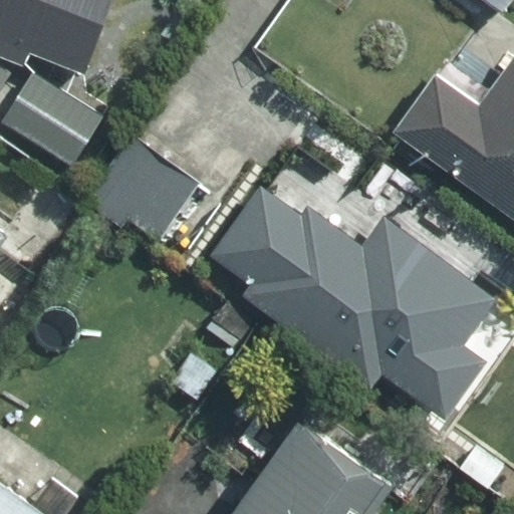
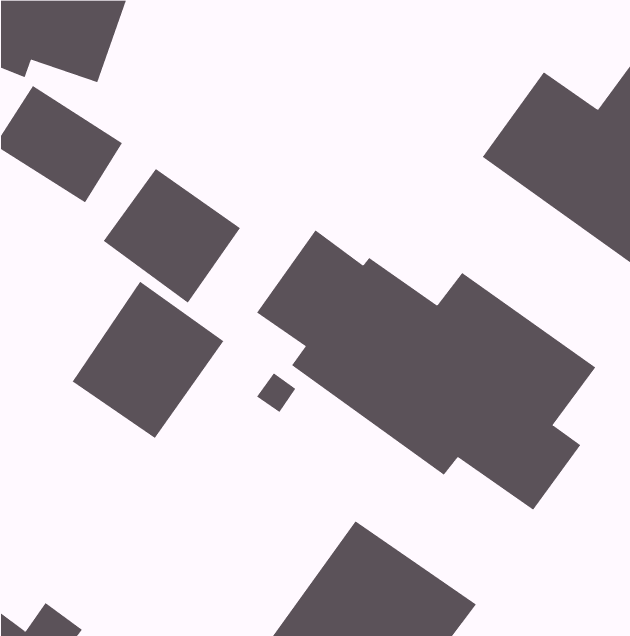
building: none -> [72,281,224,439]

